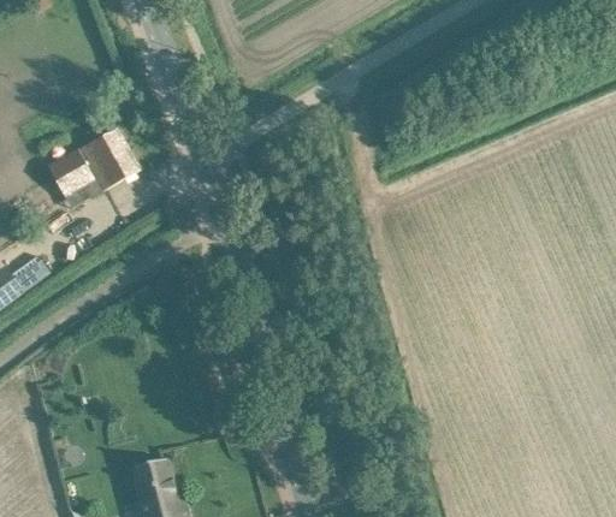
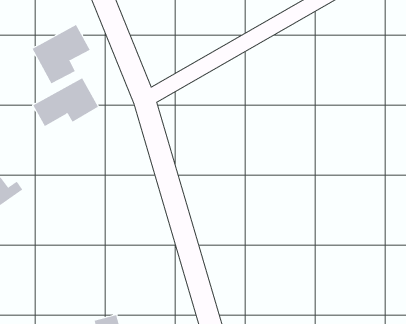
building: none -> [32,24,90,84]

